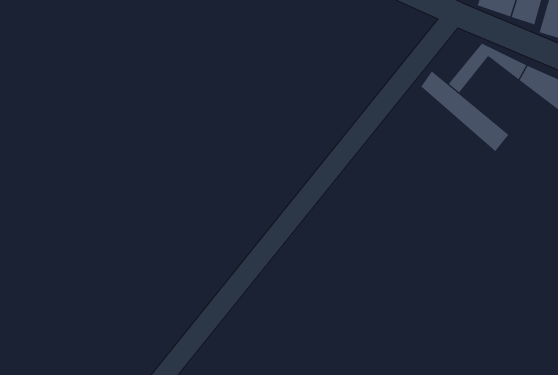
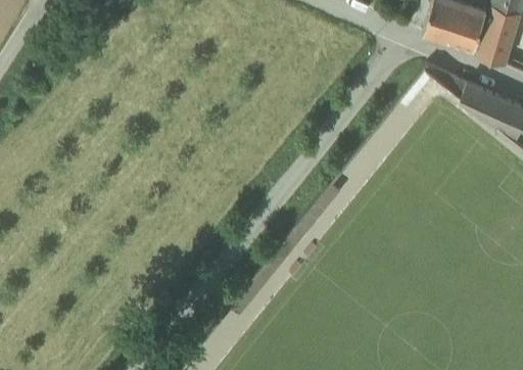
building: [421,71,509,152] -> none

